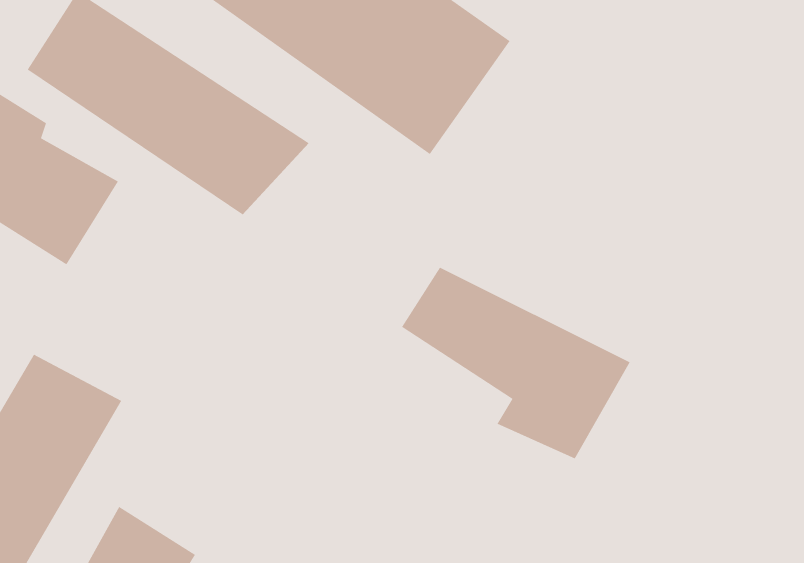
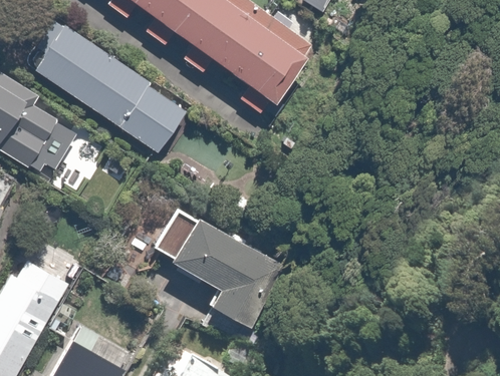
building: [401,267,630,459] -> [148,207,285,322]

